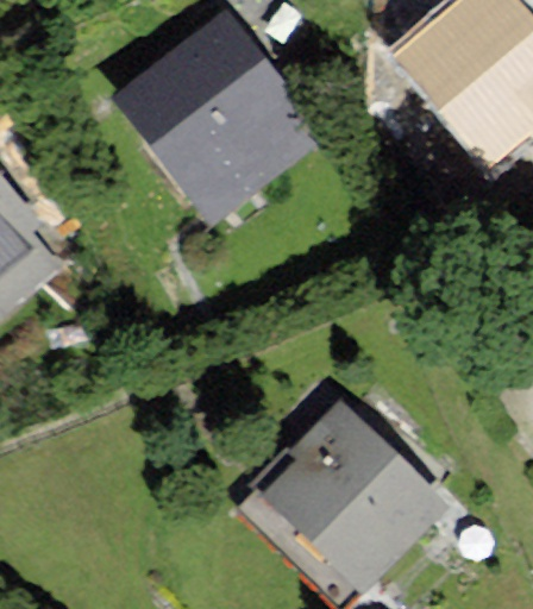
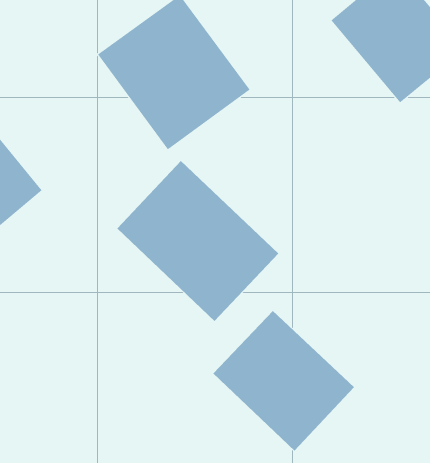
building: none -> [116,160,279,322]

